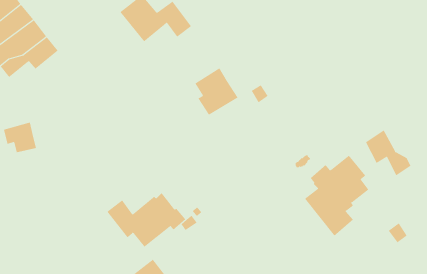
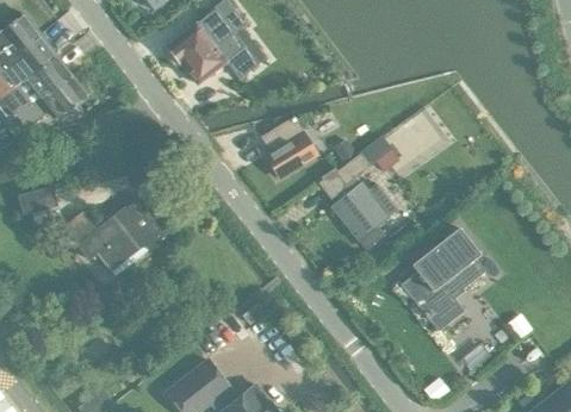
building: none -> [318,135,397,248]
building: [365,129,411,176] -> none
building: [107,192,186,247] -> [63,201,165,271]

